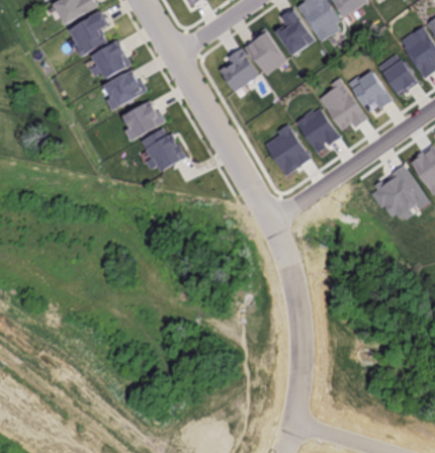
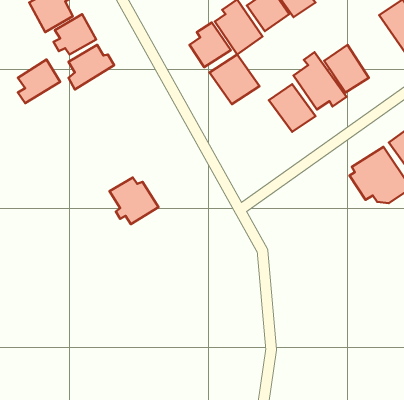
building: [378,53,419,96] -> none
building: [122,99,163,141] -> [18,60,60,103]
building: [262,127,310,175] -> [210,54,259,104]
building: [141,128,187,173] -> [110,177,158,224]

